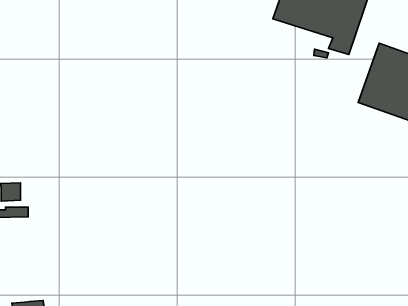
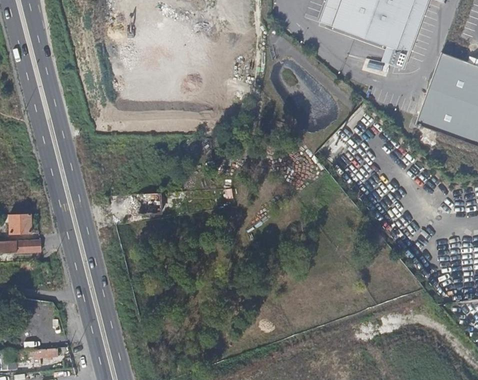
building: none -> [137,192,160,213]

